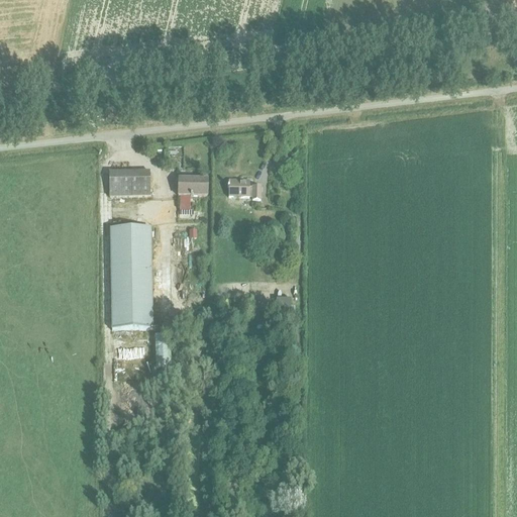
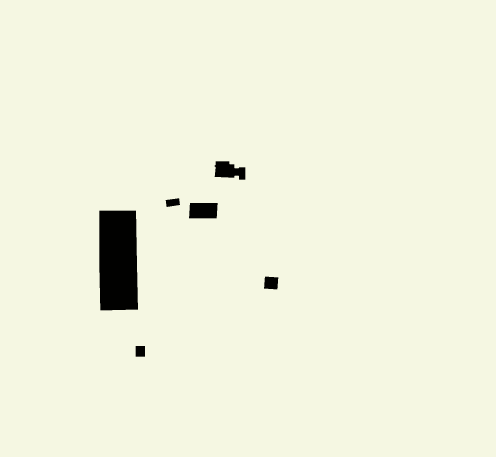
building: [108,169,149,194] -> none
building: [177,176,207,193] -> [188,202,218,219]

